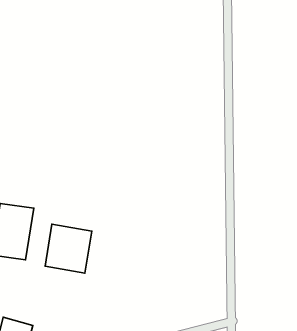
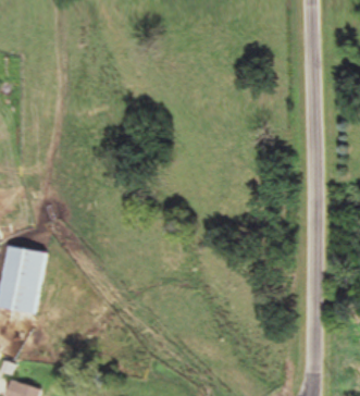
building: [45,224,92,273] -> none

